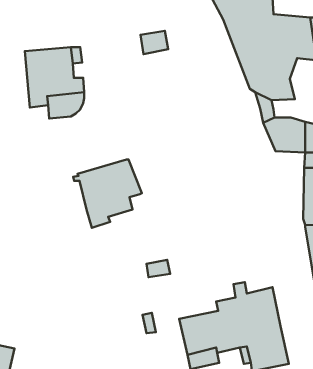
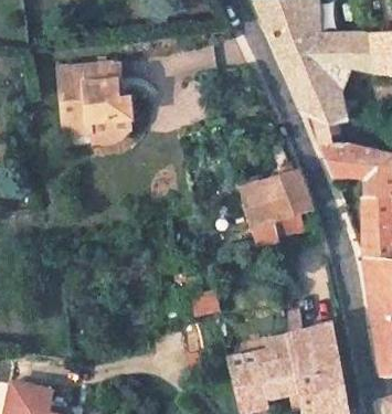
building: [73,159,142,228] -> [237,171,311,245]

